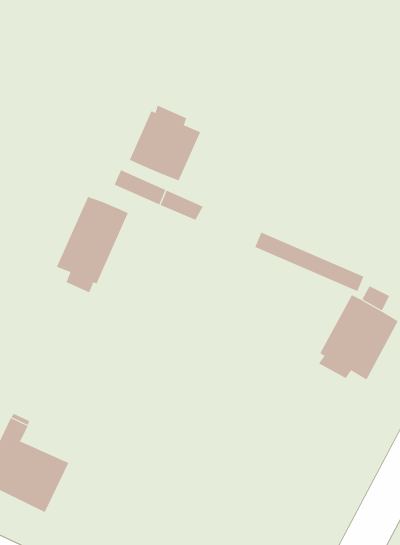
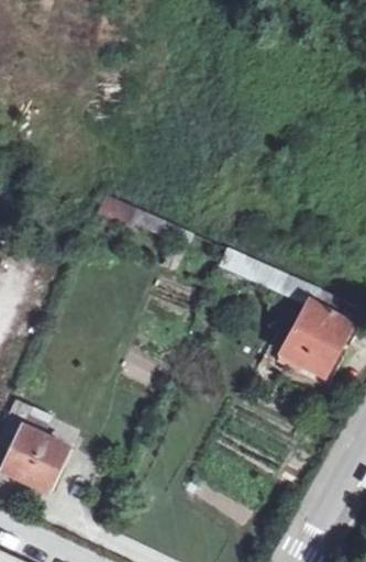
building: [129,105,201,181] -> none
building: [56,196,129,293] -> none

